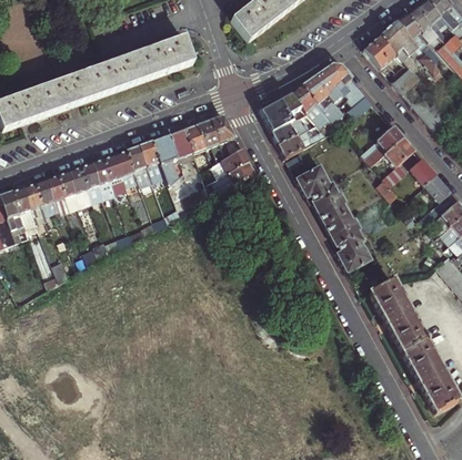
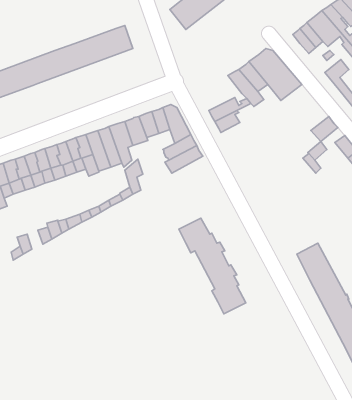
building: [259,90,308,129] -> none
building: [364,123,404,163] -> none
building: [295,162,370,268] -> [179,218,246,314]

